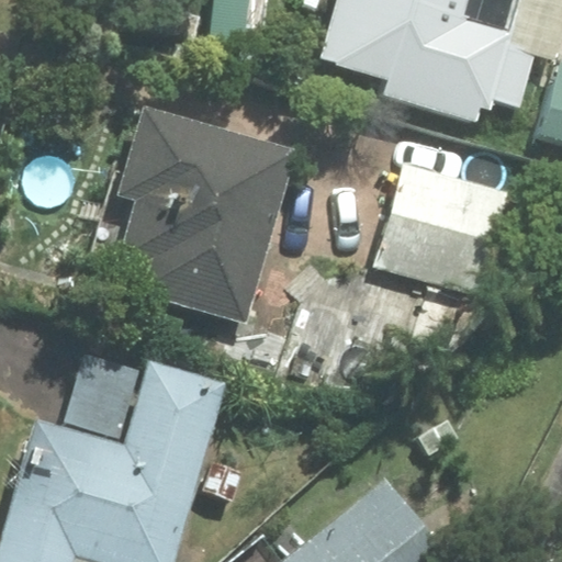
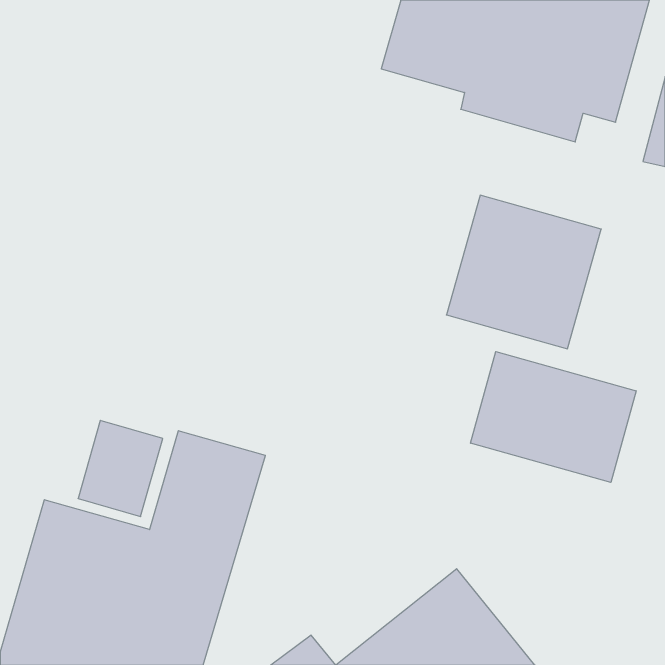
building: [120,108,292,319] -> none
building: none -> [471,352,636,482]

